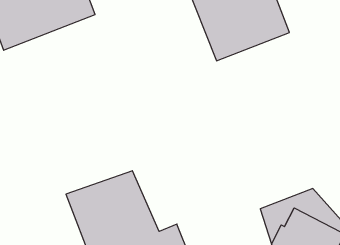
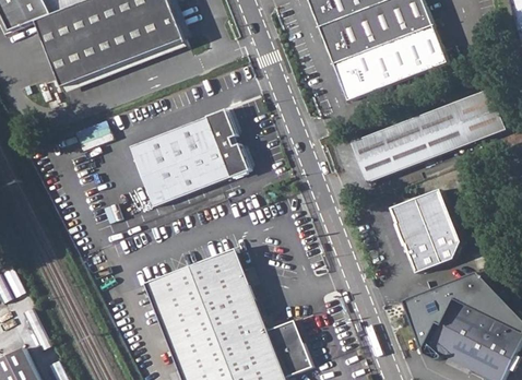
building: none -> [351,90,505,183]
building: none -> [129,108,248,205]
building: none -> [391,189,461,272]

